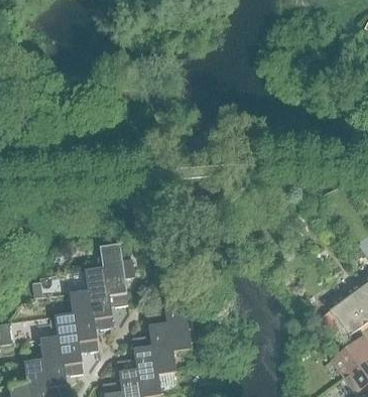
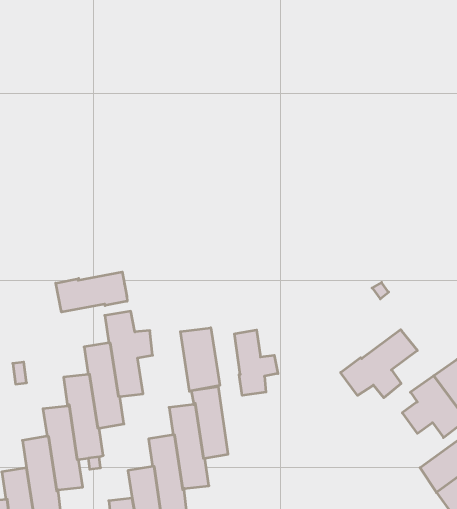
building: none -> [56,272,127,312]
building: none -> [180,328,220,391]
building: none -> [341,330,417,398]
building: none -> [234,330,278,395]

